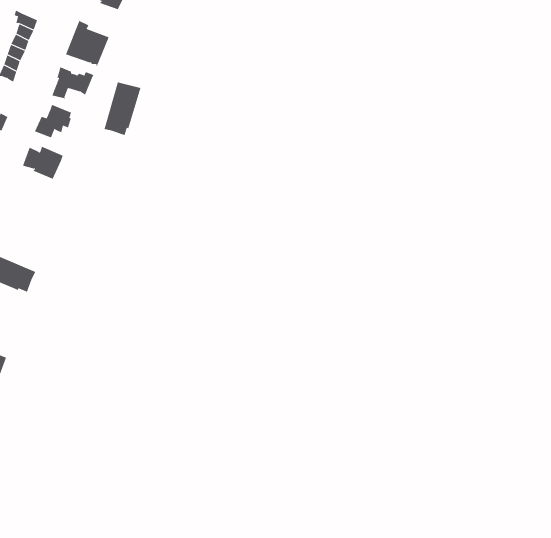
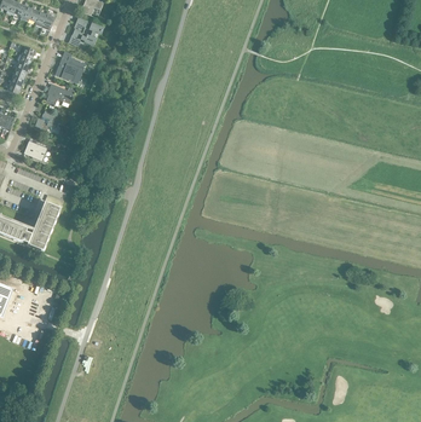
building: [104,82,141,136] -> none
building: none -> [25,202,59,250]

